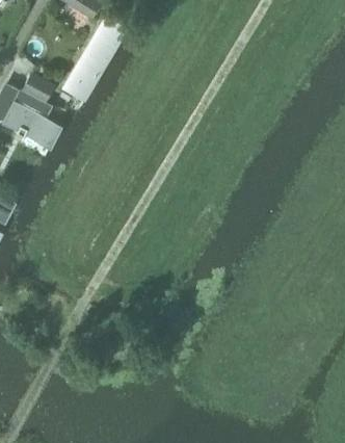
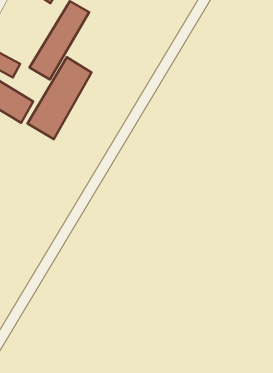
building: none -> [27,57,91,139]

